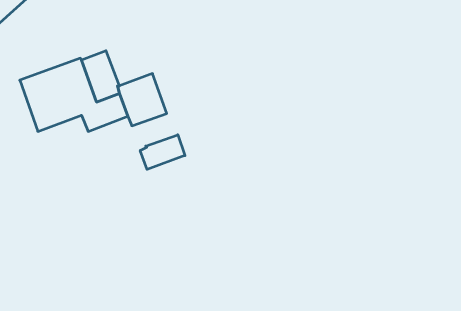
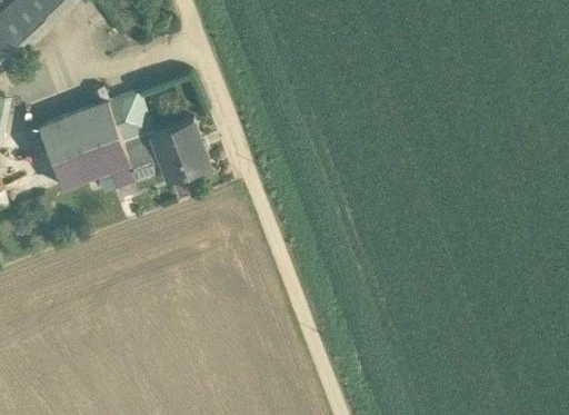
building: [140,135,185,169] -> none

